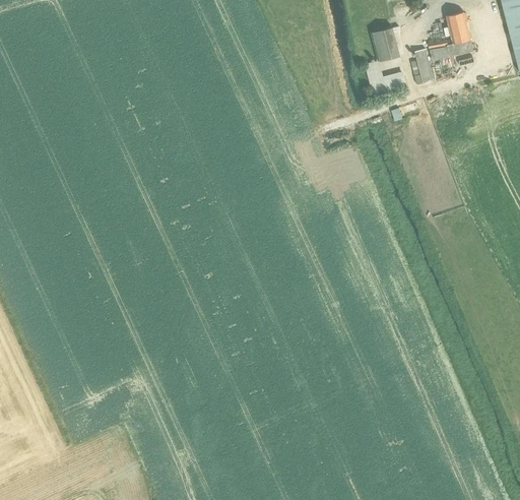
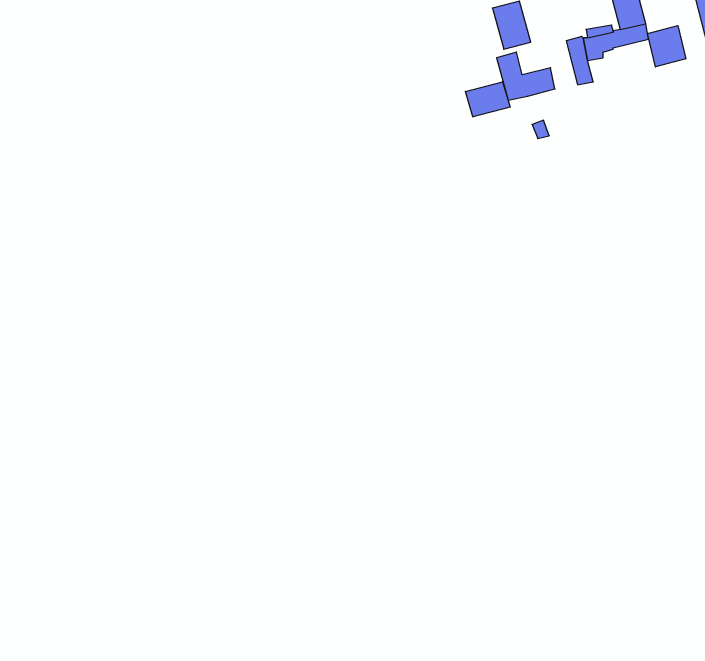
building: none -> [648,26,686,67]
building: none -> [465,82,510,117]

